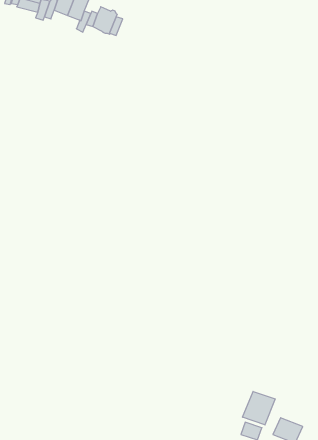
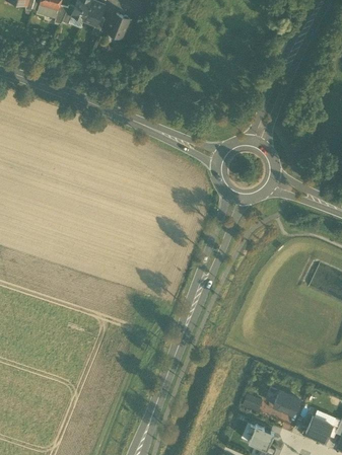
building: [243,391,275,425] -> none

